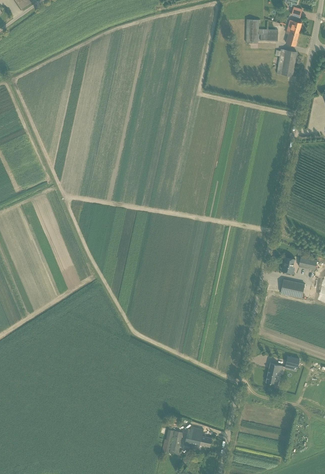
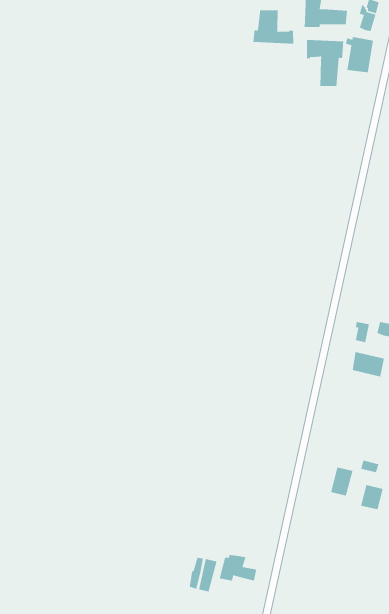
building: none -> [252,9,294,44]
building: none -> [306,39,344,87]

